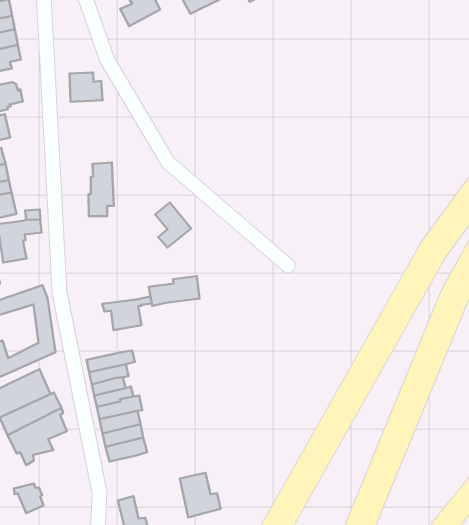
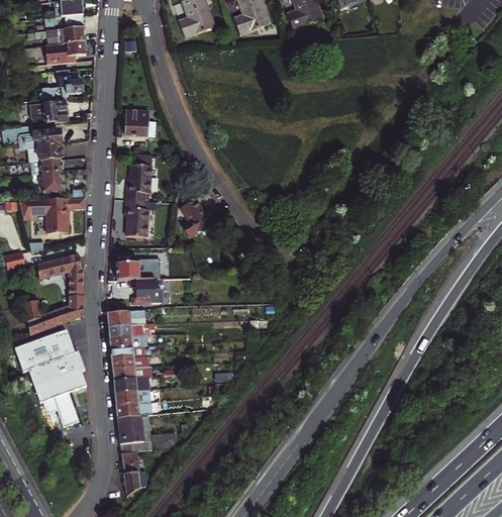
building: [69,73,103,102] -> [125,109,155,136]
building: none -> [126,200,149,237]
building: [149,276,200,306] -> [116,258,160,280]
building: none -> [108,309,146,326]
building: [180,473,220,518] -> [118,416,150,453]
building: [14,484,43,513] -> [52,402,76,427]

